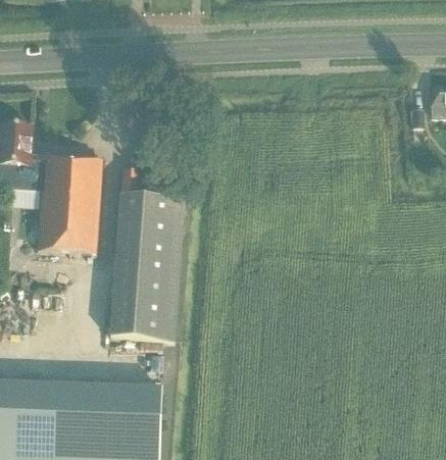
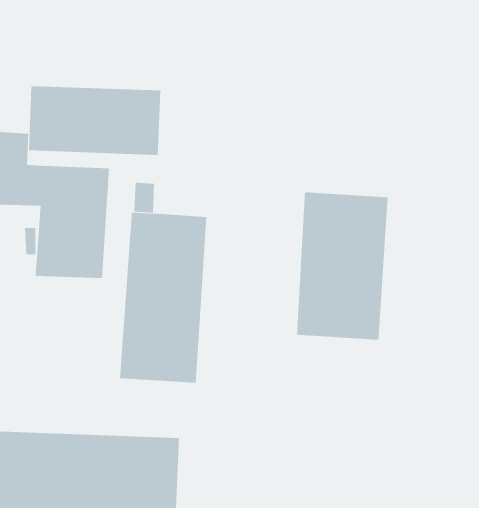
building: none -> [28,86,161,156]
building: none -> [296,191,388,341]

